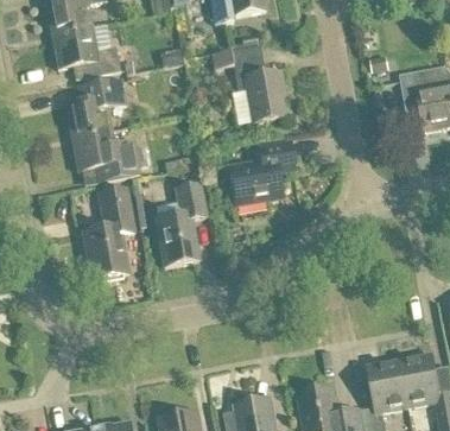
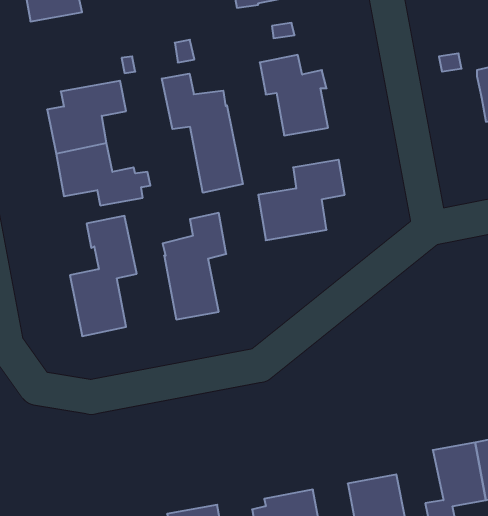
building: [52,25,121,74] -> none
building: none -> [162,74,243,193]

